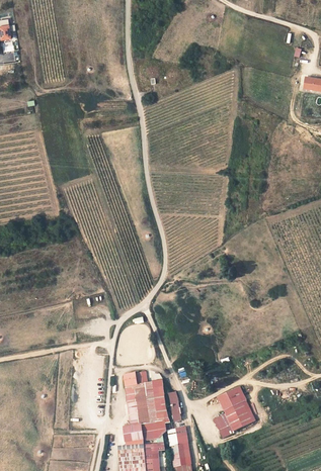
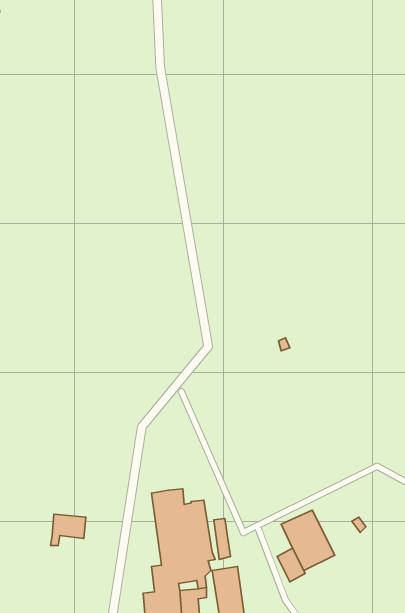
building: none -> [51,514,86,546]

